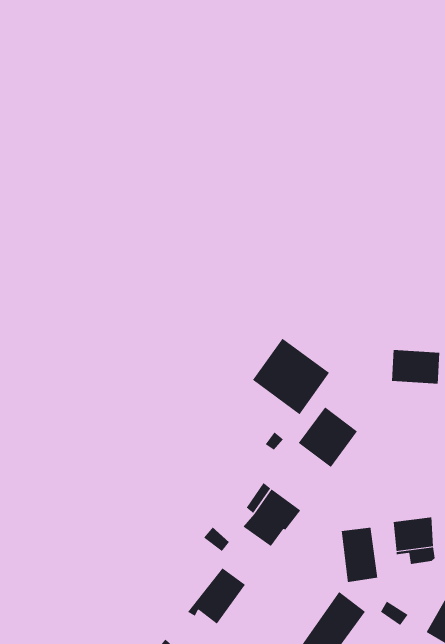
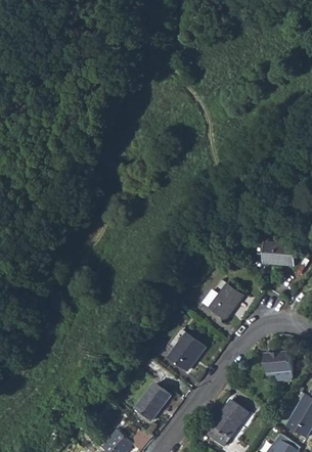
building: [252,338,330,415] -> none
building: [341,527,378,583] -> none

